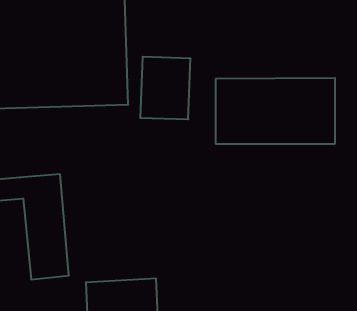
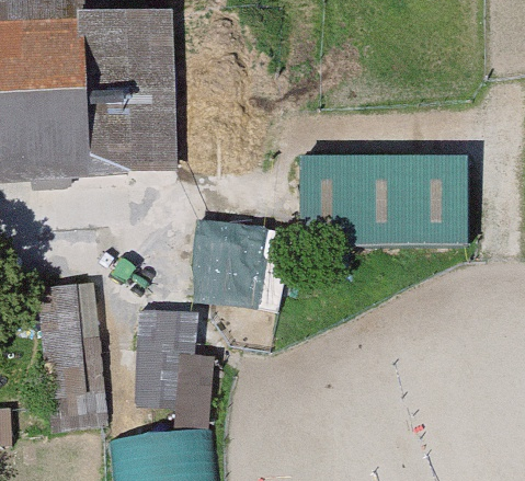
building: [140,57,191,119] -> [194,218,263,304]
building: none -> [135,308,209,425]

